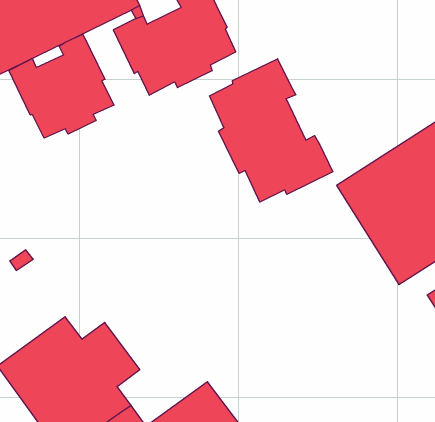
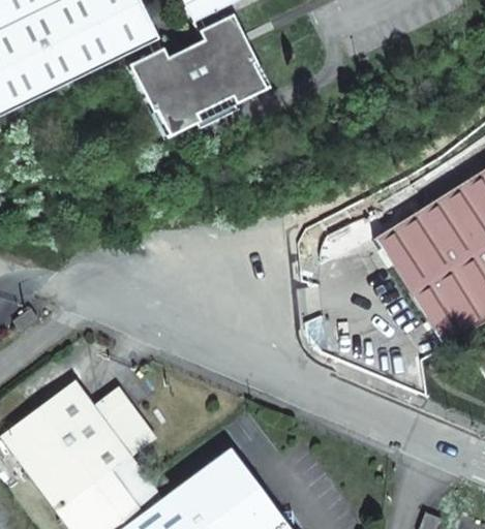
building: [9,34,114,138] -> none
building: [209,59,333,202] -> none

